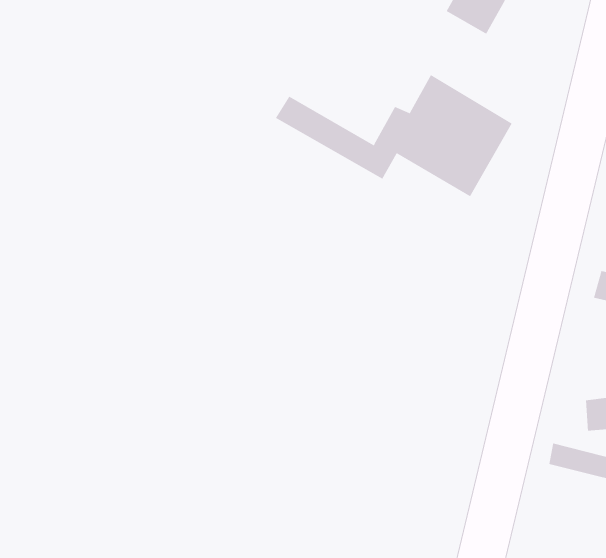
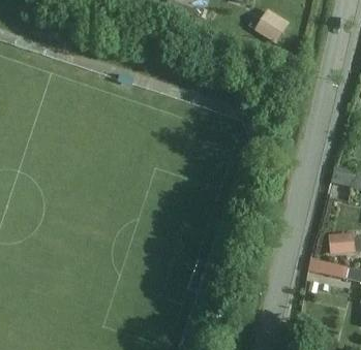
building: [275,74,512,197] -> none

